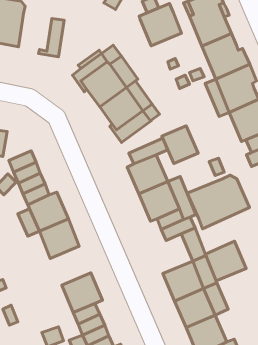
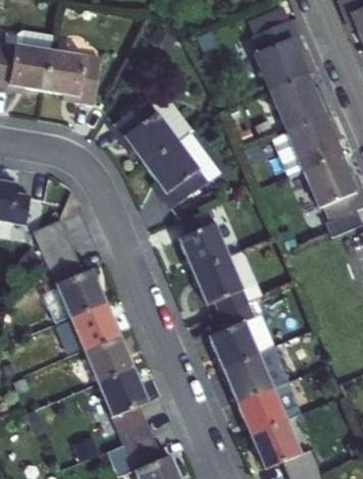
building: [139,3,181,46] -> none
building: none -> [45,51,86,97]
building: [162,126,198,164] -> none
building: [187,175,249,229] -> none
building: [206,241,246,281] -> [209,321,259,370]
building: none -> [84,336,134,384]

